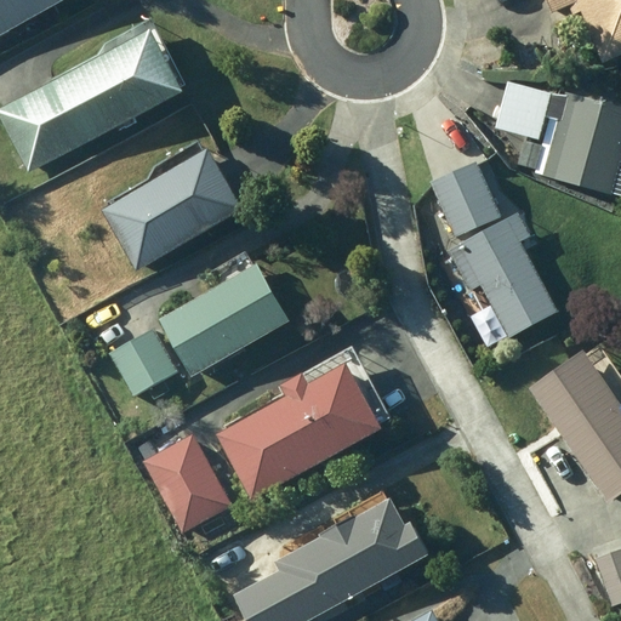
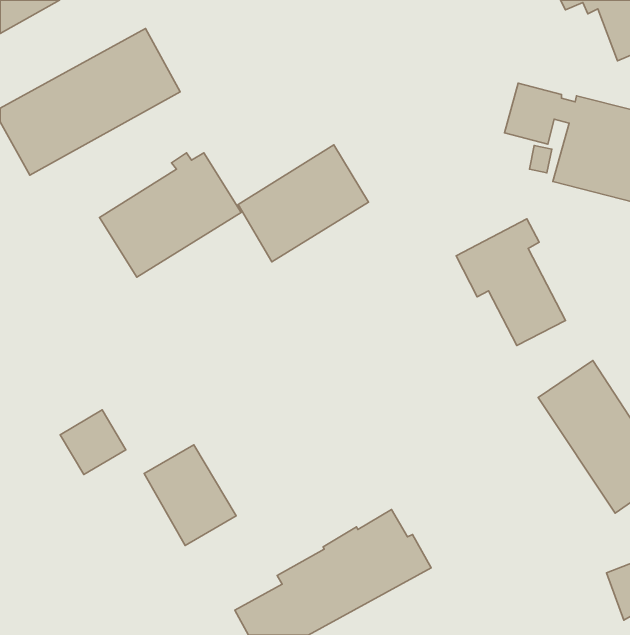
building: [429,160,502,235] -> none
building: [161,262,289,376] -> [238,145,369,262]
building: [113,331,177,394] -> [60,410,126,475]
building: [217,363,378,498] -> none

